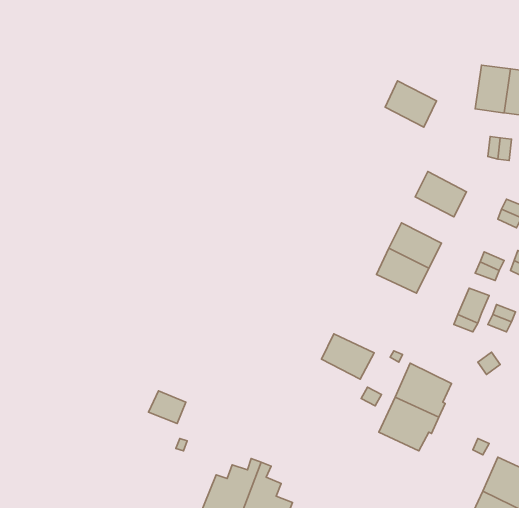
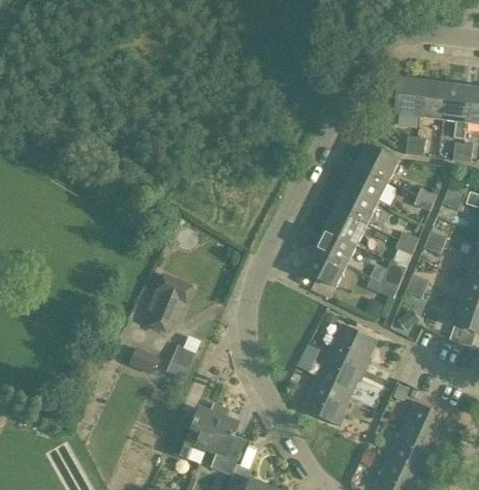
building: [385,81,436,127] -> [356,143,398,181]
building: none -> [334,185,378,223]
building: none -> [146,273,190,331]
building: [321,334,374,379] -> [304,249,347,286]
building: none -> [165,343,194,377]
building: none -> [302,379,349,424]

